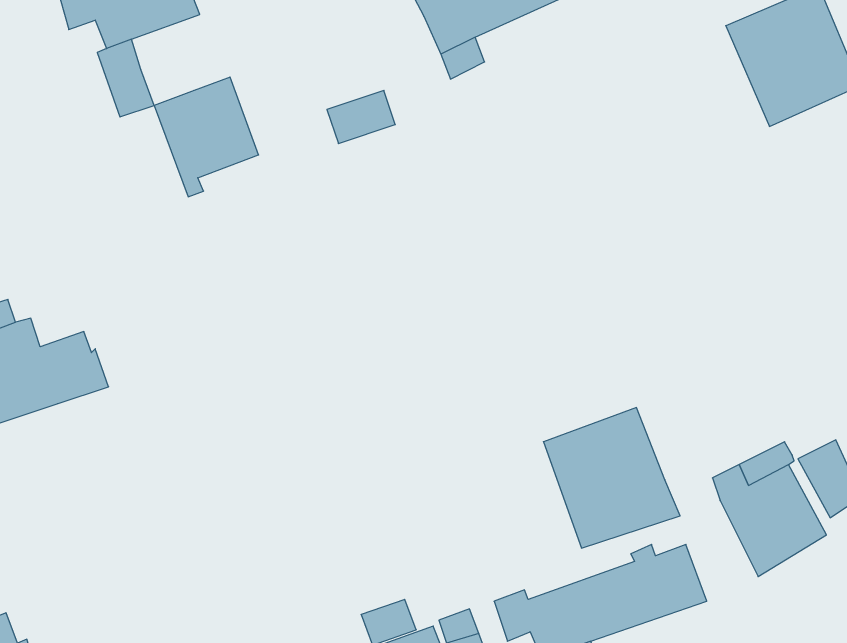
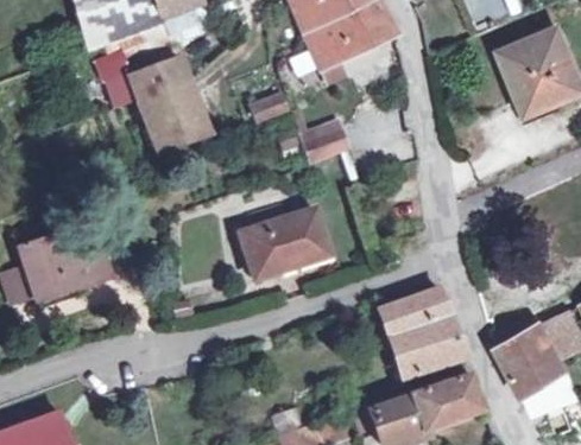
building: none -> [132,62,188,101]
building: none -> [301,128,351,167]
building: none -> [240,209,329,281]

